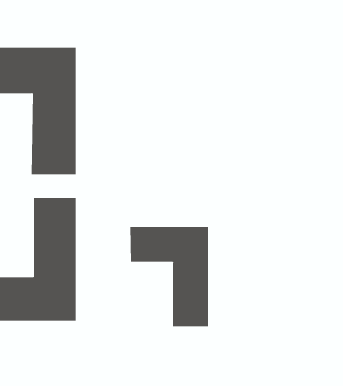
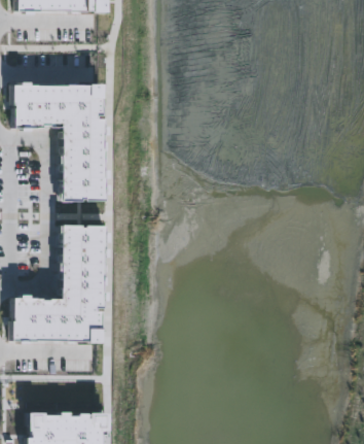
building: [130,226,208,327] -> none

